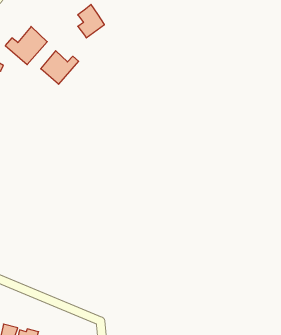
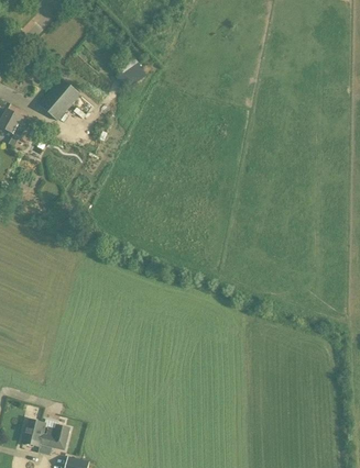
building: [41,51,79,84] -> none

